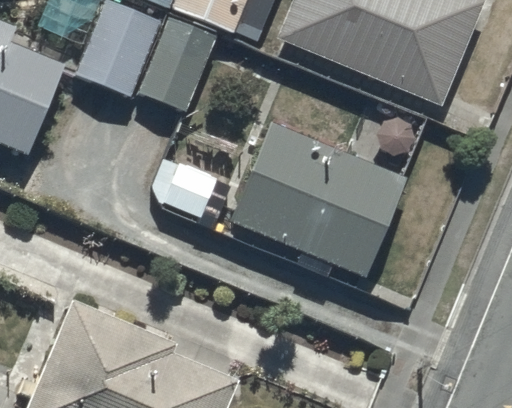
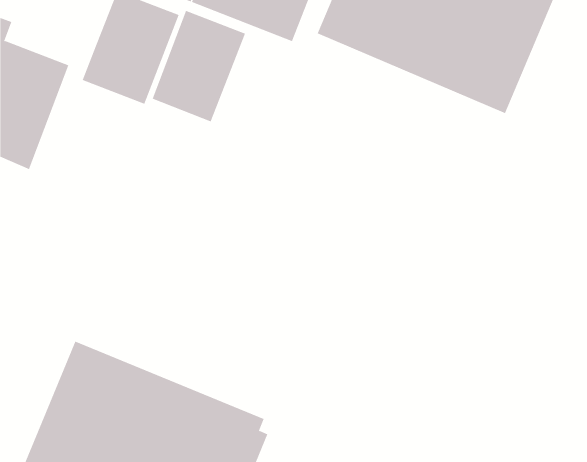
building: [230,122,404,275] -> none

